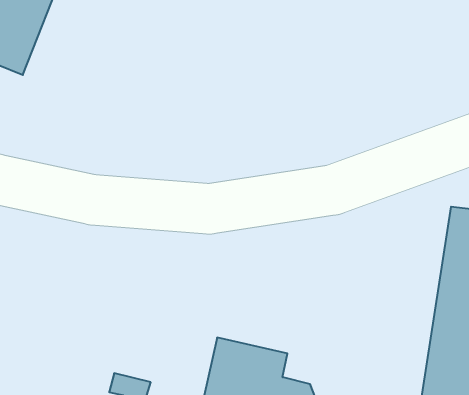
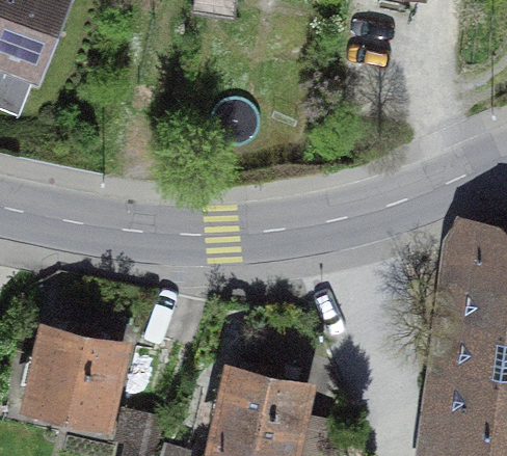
building: none -> [30,330,121,415]

